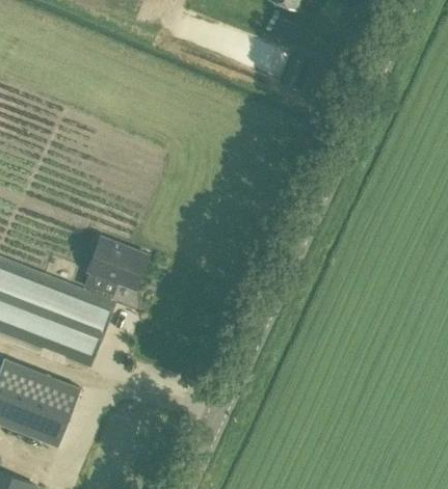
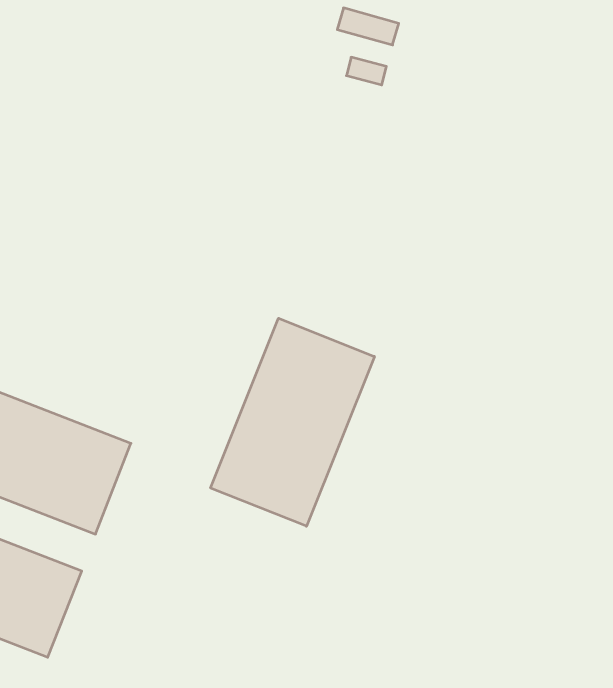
building: none -> [211,318,374,526]
building: [84,236,148,298] -> none

